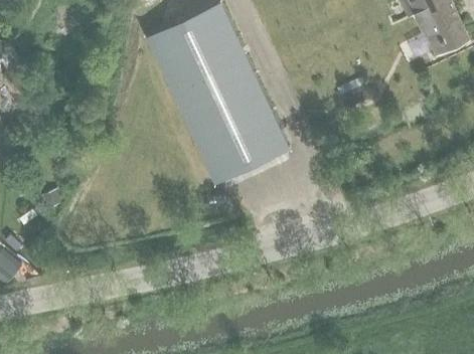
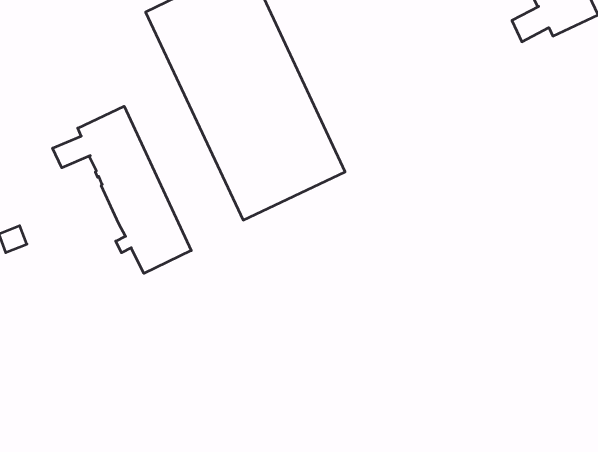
building: none -> [53,106,191,273]

